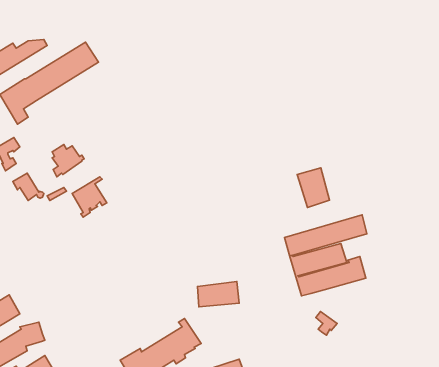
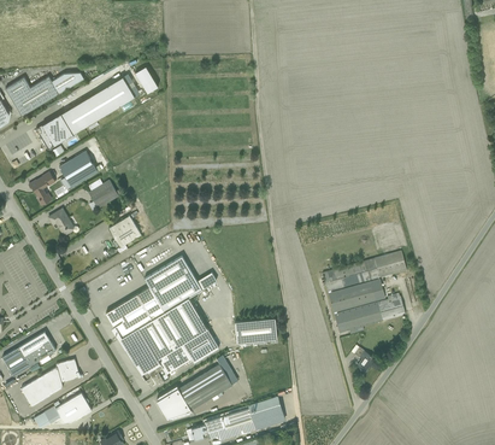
building: none -> [58,151,96,188]
building: [297,168,330,207] -> none
building: none -> [105,256,218,388]

